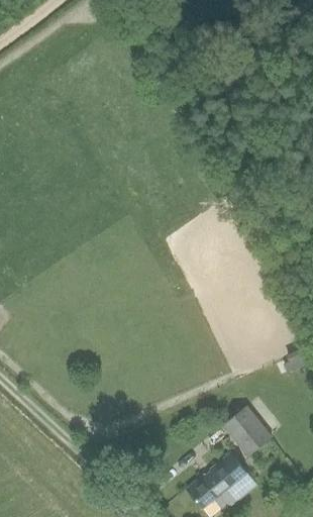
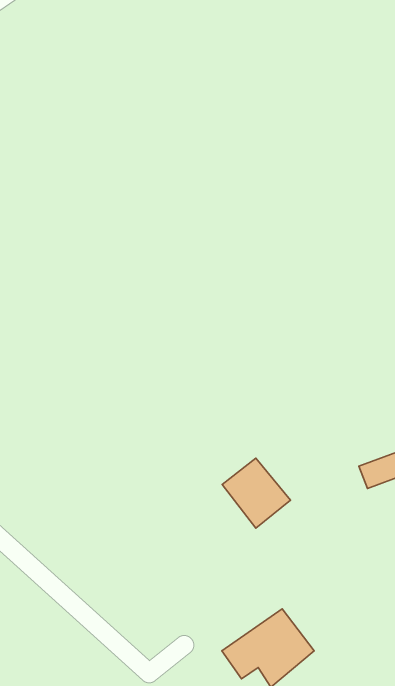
building: [221,406,271,456] -> [222,458,291,528]

